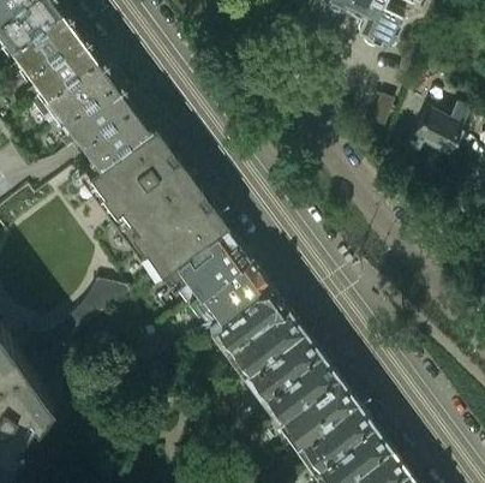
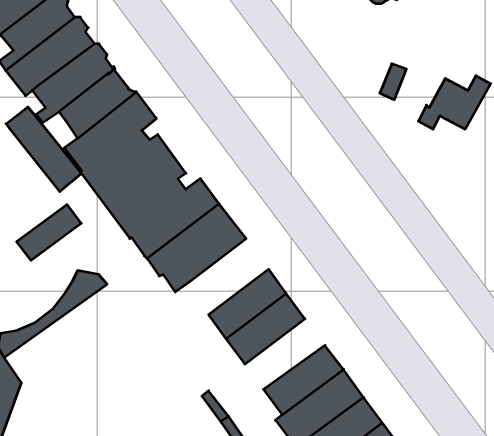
building: none -> [6,107,82,192]
building: none -> [17,205,81,260]
building: [186,258,269,333] -> none
building: [247,330,319,394] -> none

